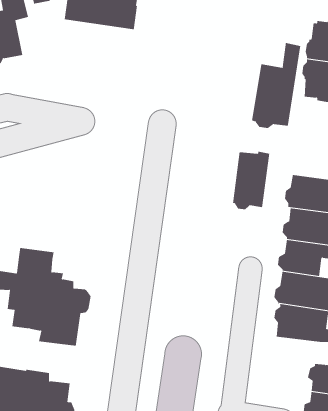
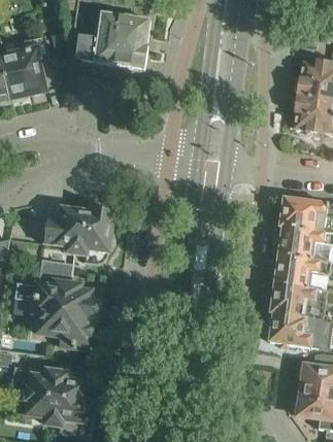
building: [252,42,301,129] -> none
building: [233,148,270,210] -> none
building: none -> [44,208,113,263]

